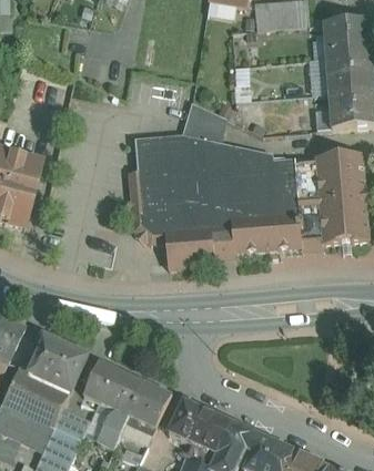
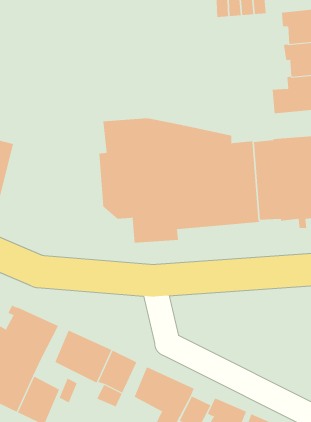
building: [183,101,228,142] -> none
building: [99,410,129,447] -> none

